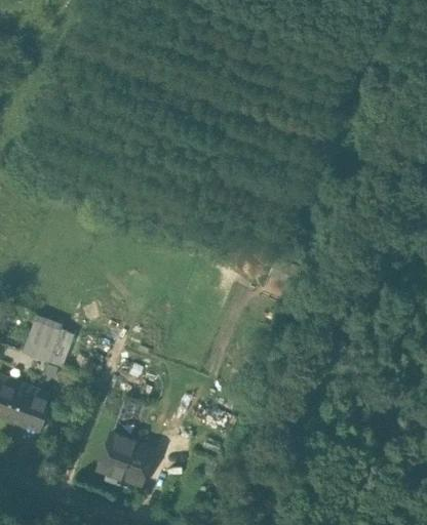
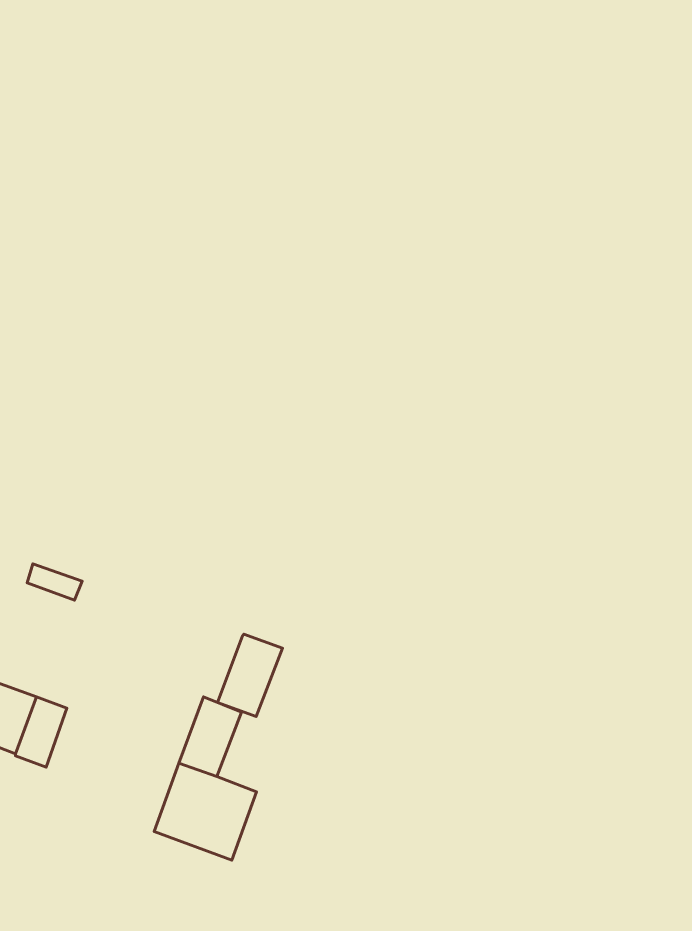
building: [23,334,55,364] -> none
building: none -> [218,634,283,717]

